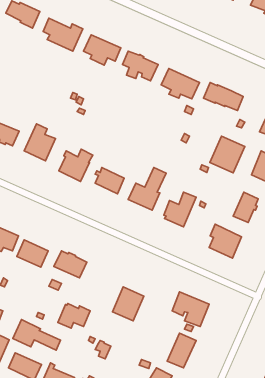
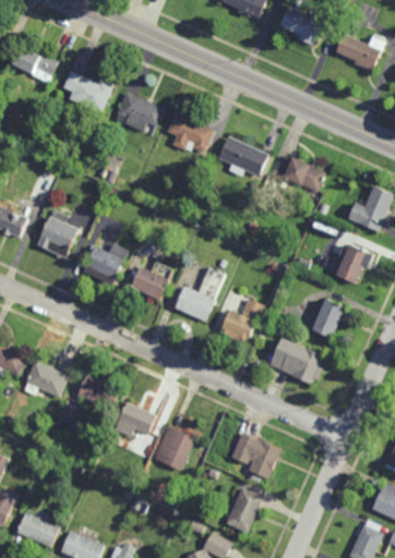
building: [210,136,245,173] -> none
building: [58,304,90,328] -> [112,403,155,436]
building: [13,320,61,350] -> none

